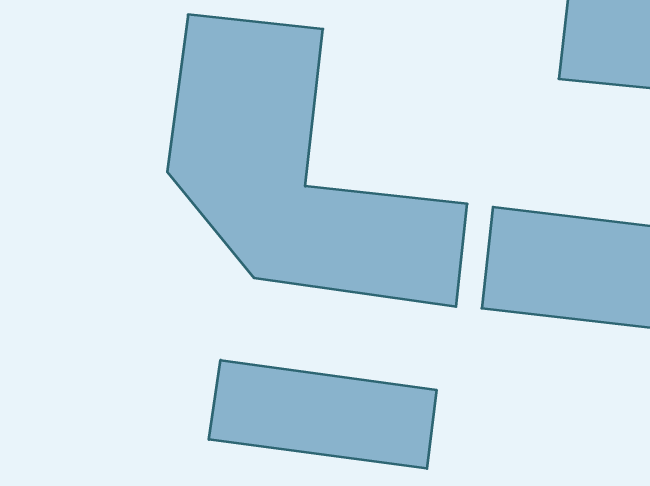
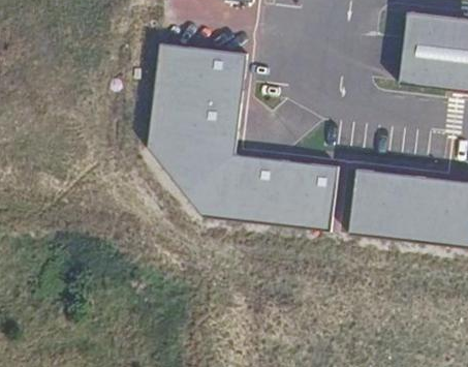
building: [209,360,436,469] -> none

